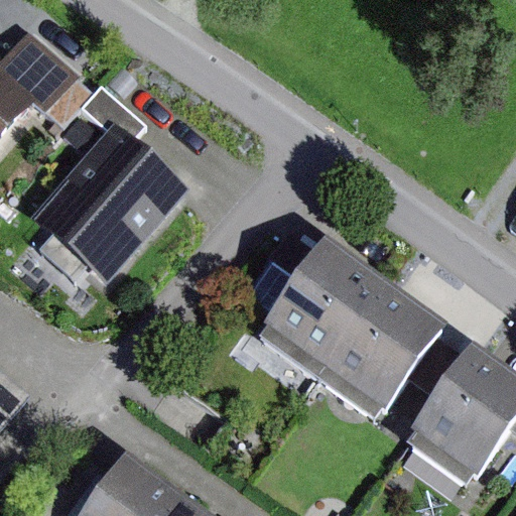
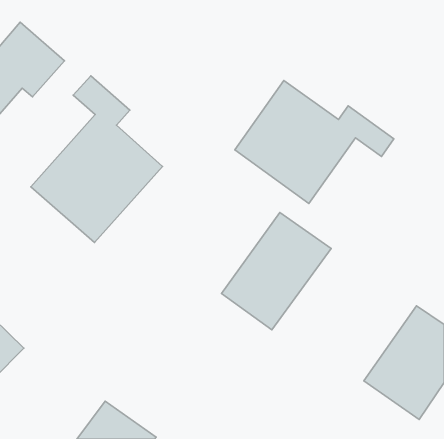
building: none -> [235,81,394,203]
building: [310,284,435,418] -> none

